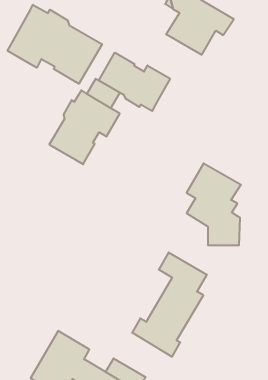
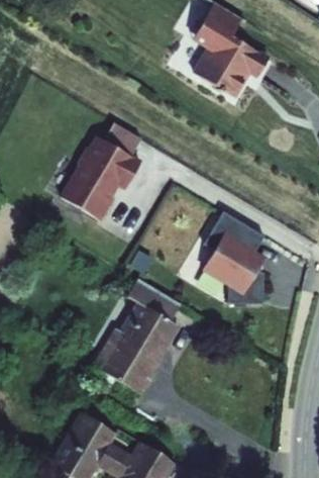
building: [8,5,102,84] -> none
building: [99,53,170,111] -> none
building: [132,252,207,357] -> [93,277,178,395]

